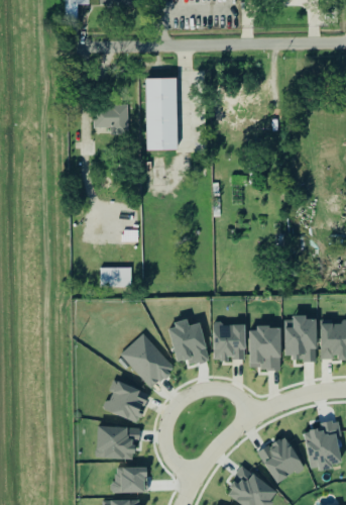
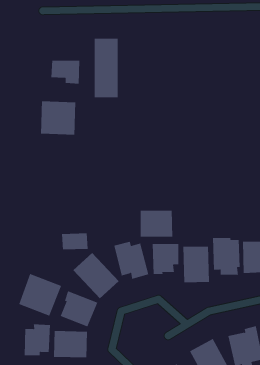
building: none -> [40,100,76,136]
building: [100,267,132,287] -> [61,233,88,250]
building: none -> [140,210,173,238]
building: none -> [18,273,62,317]
building: none -> [24,323,50,356]

